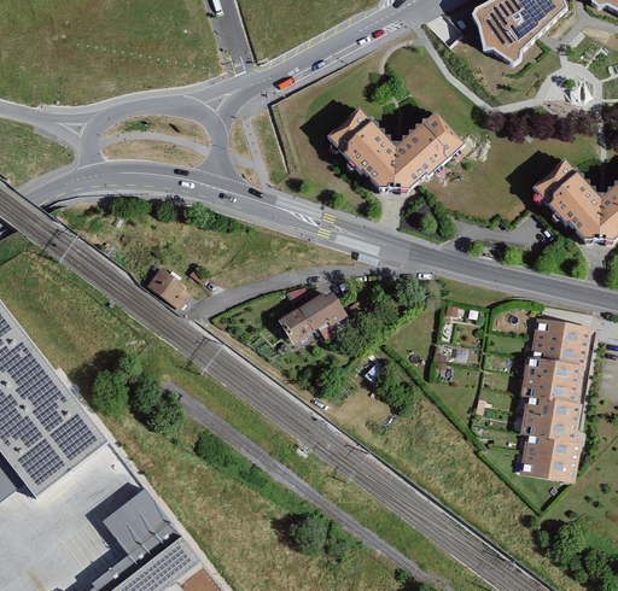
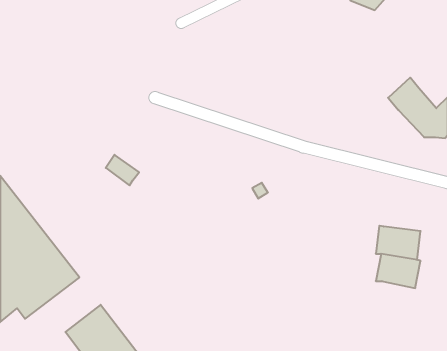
building: [328,109,464,192] -> none
building: [275,298,345,353] -> none
building: [529,323,590,373] -> none
building: [518,439,579,490] -> none

